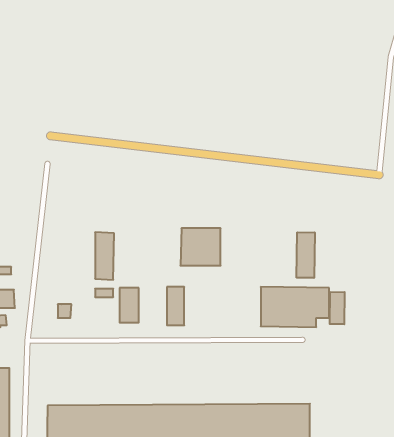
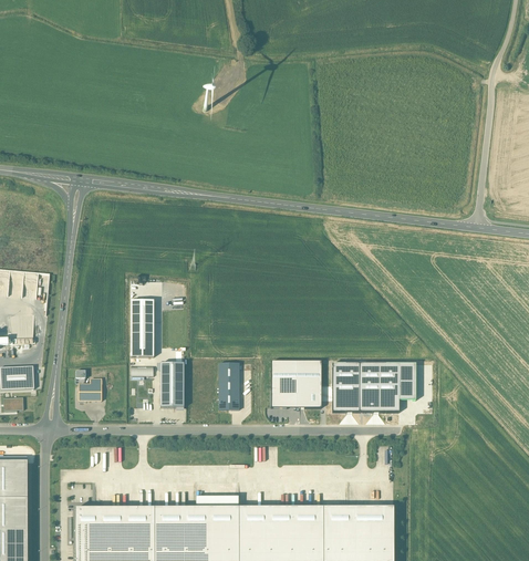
building: [180,228,221,266] -> [271,362,320,407]
building: [297,232,315,278] -> none
building: [330,292,345,324] -> none

